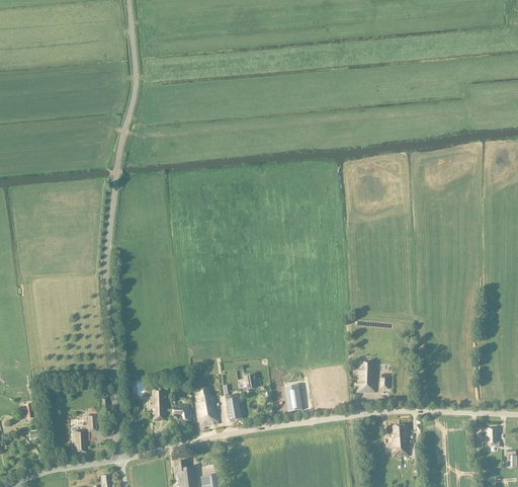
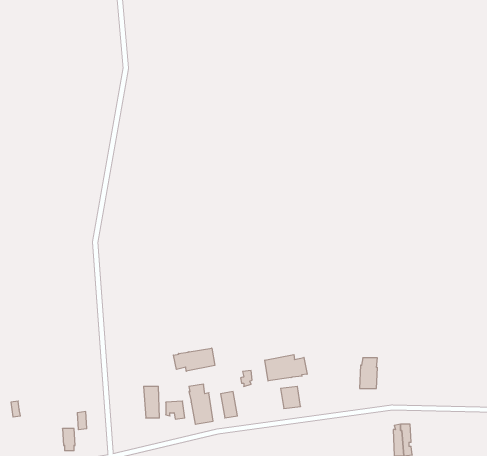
building: none -> [173,348,215,371]
building: none -> [265,355,307,381]

